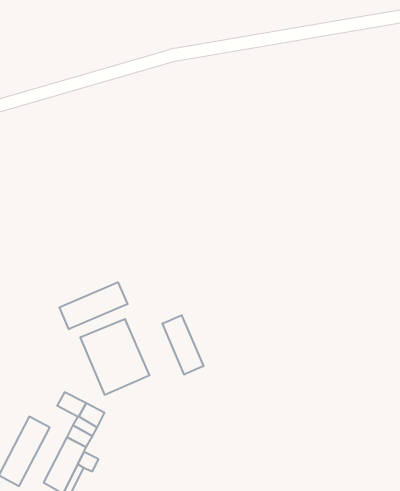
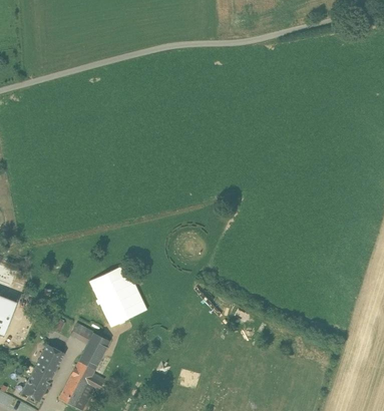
building: [59,282,128,329] -> none
building: [162,315,203,375] -> none

